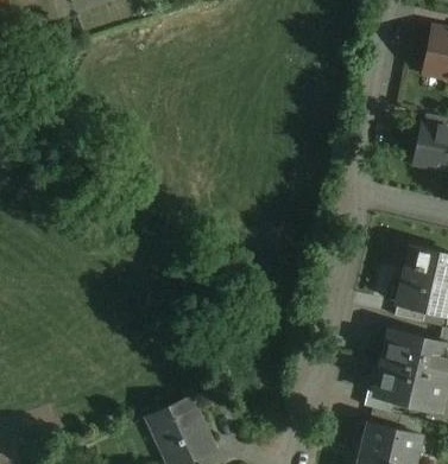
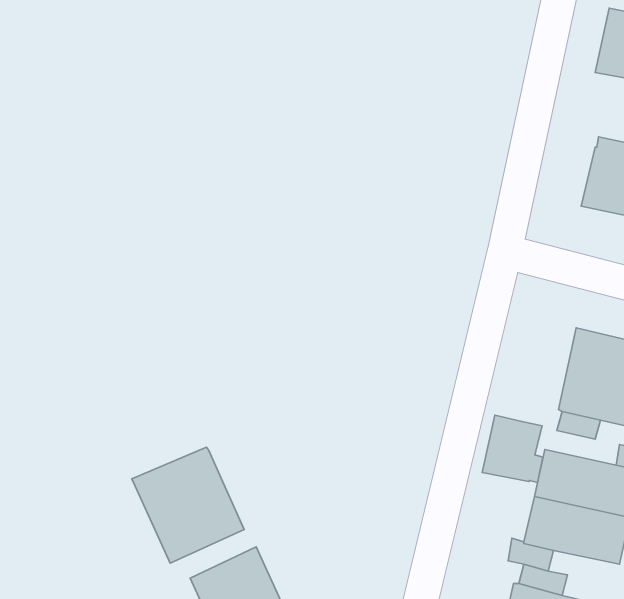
building: none -> [482,415,543,482]
building: none -> [132,447,244,563]

